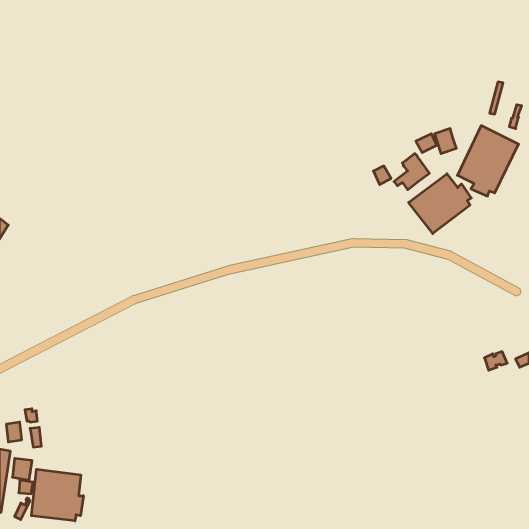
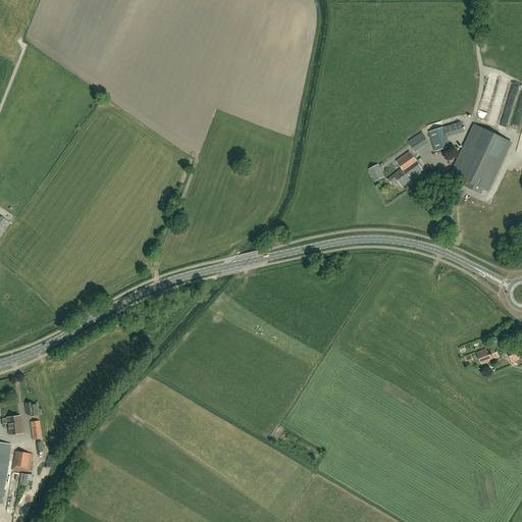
building: [409,174,471,234] -> none
building: [31,469,83,521] -> none

